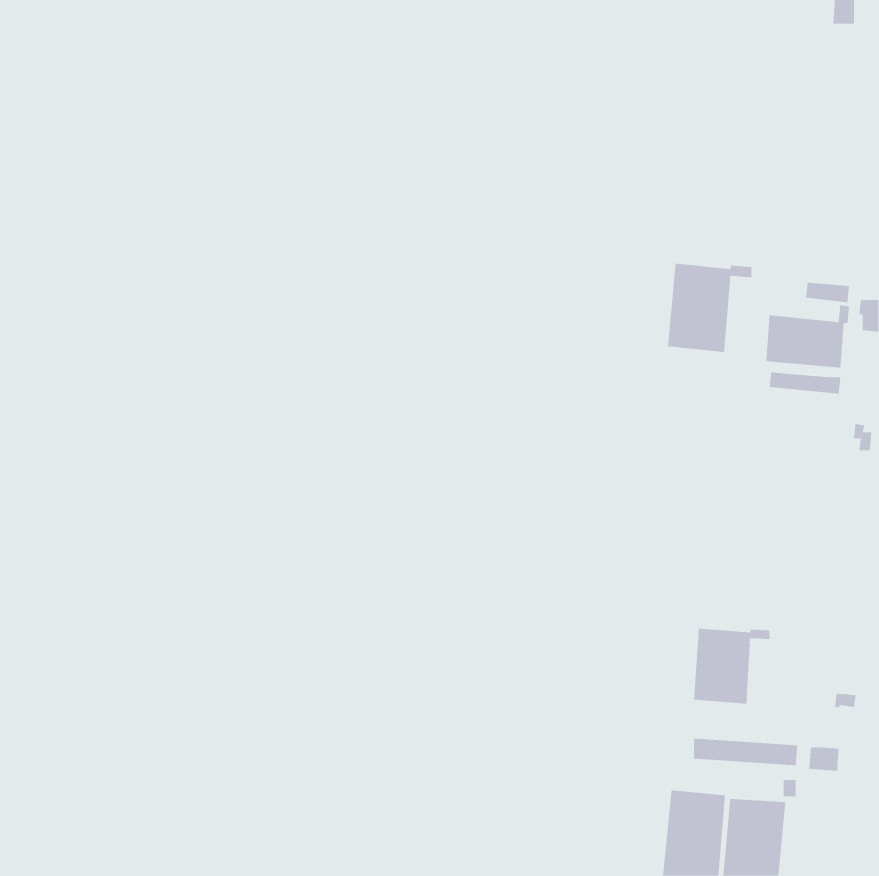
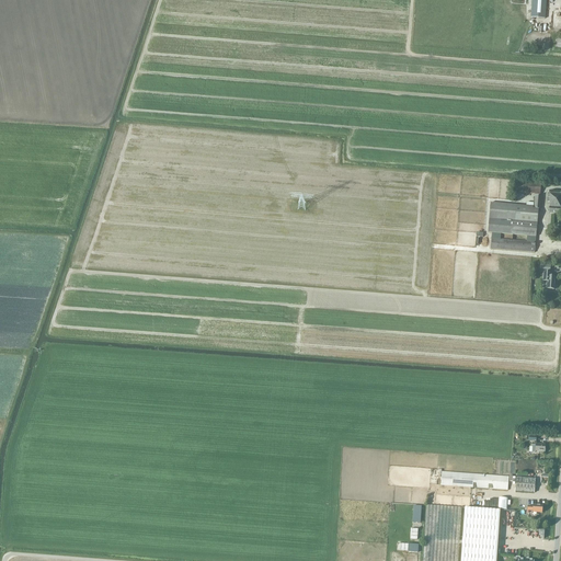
building: [668,263,752,353] -> none
building: [694,628,770,705] -> none

